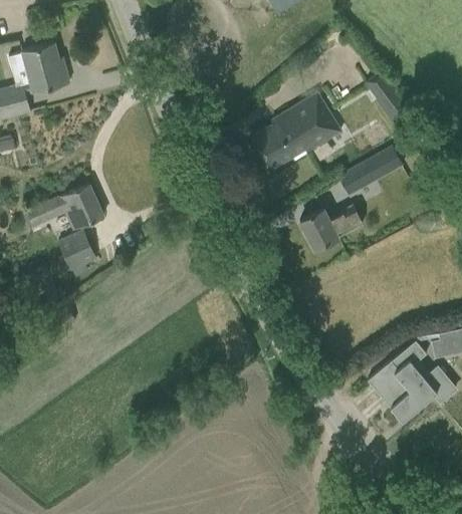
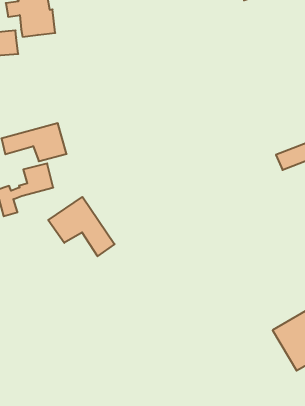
building: [250,91,340,170] -> none
building: [298,209,362,249] -> none
building: none -> [48,197,115,256]

